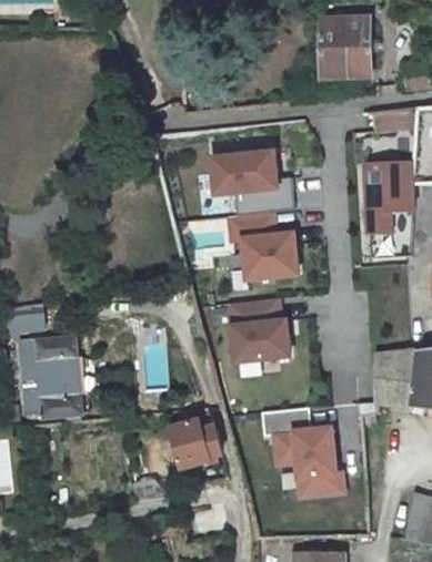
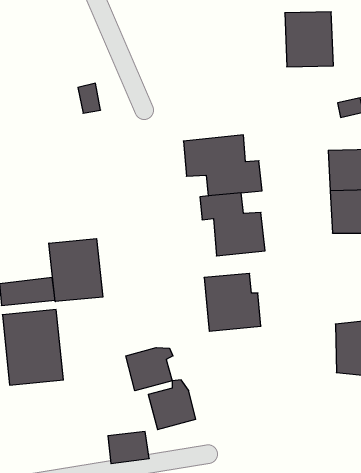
building: none -> [49,239,103,302]
building: none -> [126,348,173,391]
building: [259,407,341,494] -> none

